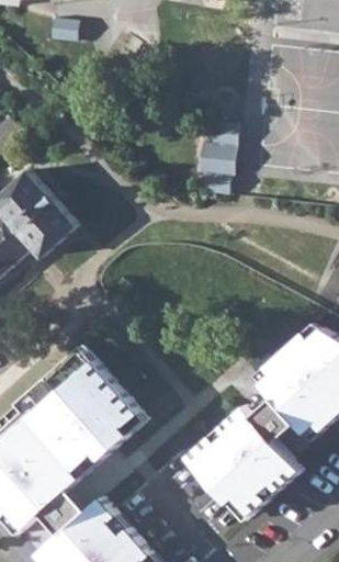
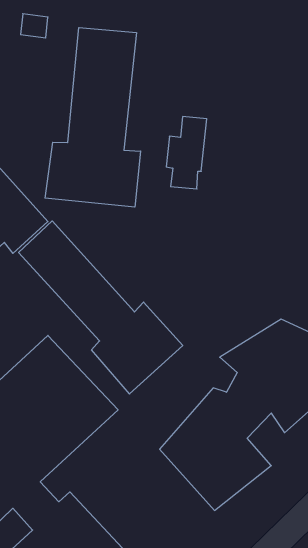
building: none -> [45,28,141,207]
building: none -> [19,221,183,394]

